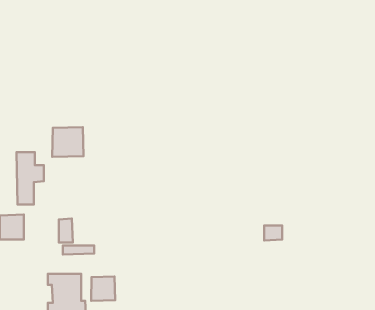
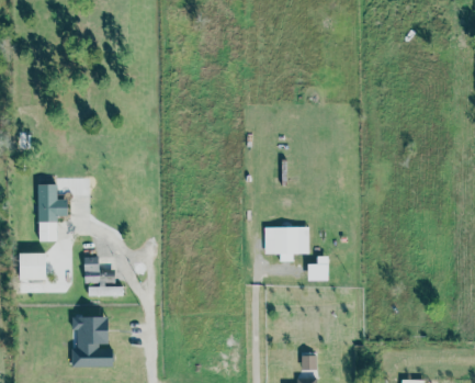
building: [52,127,83,157] -> none
building: none -> [265,226,309,260]
building: [91,276,115,301] -> none

